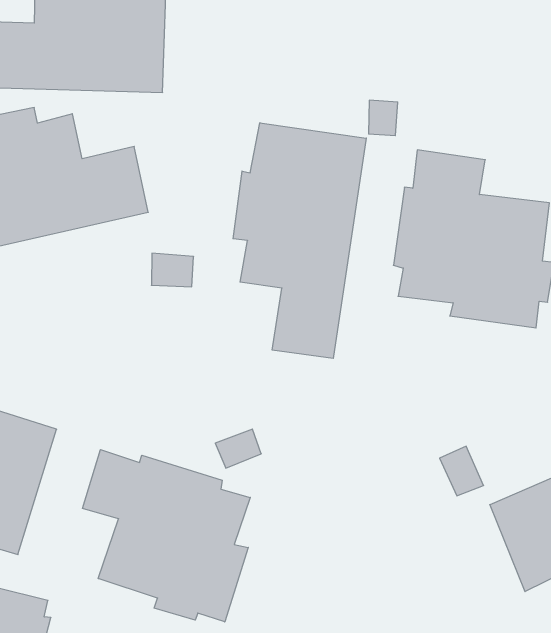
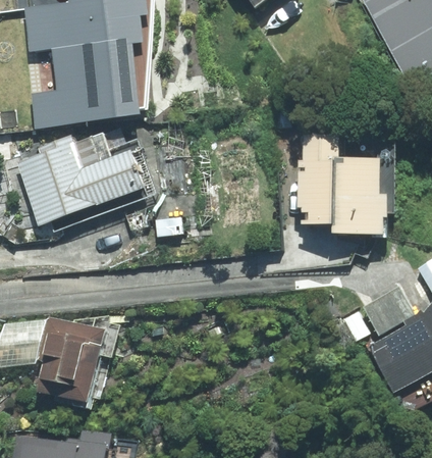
building: [233,123,366,358] -> none
building: [82,450,250,622] -> none

